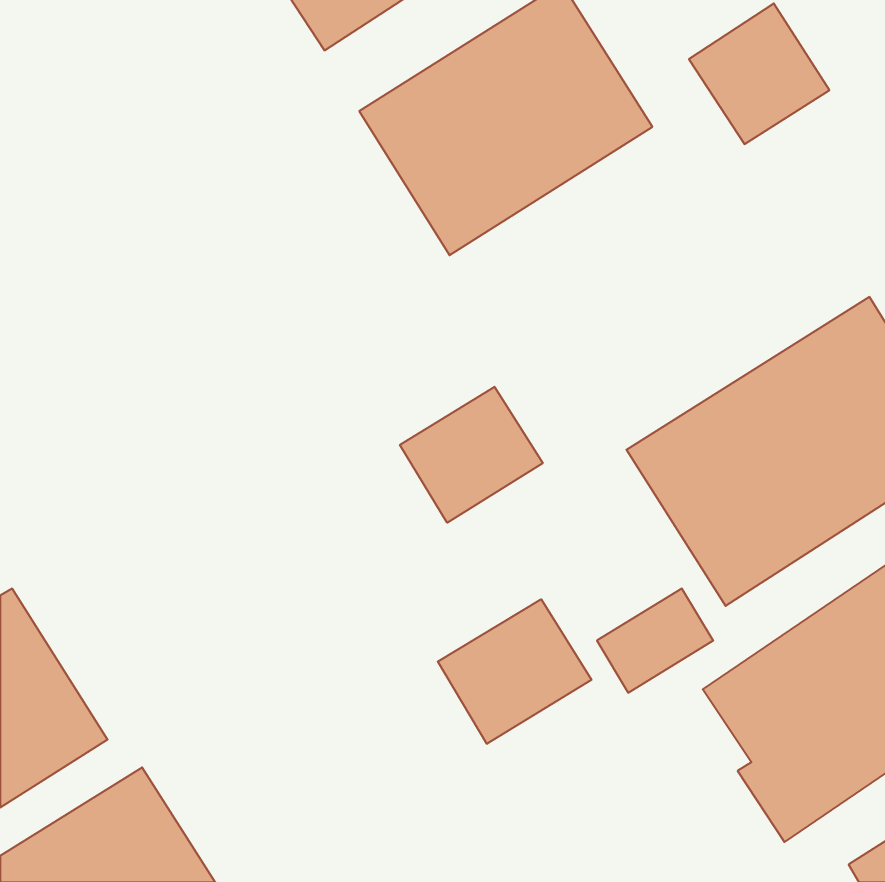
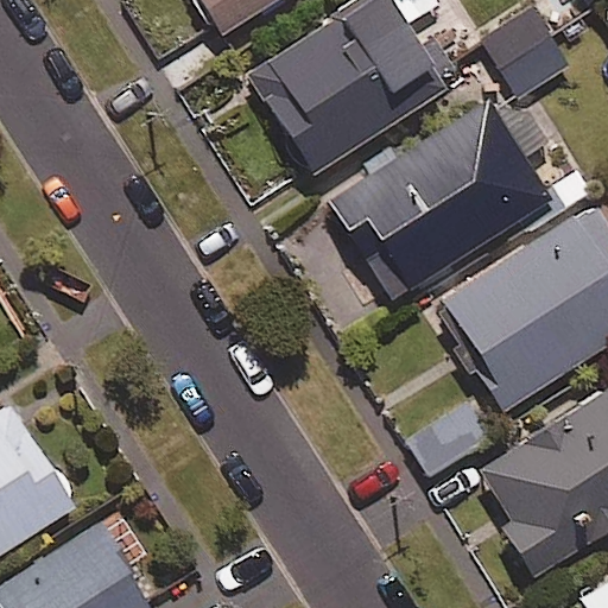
building: none -> [328,97,552,300]
building: [400,387,543,523] -> none
building: [438,599,591,744] -> none

